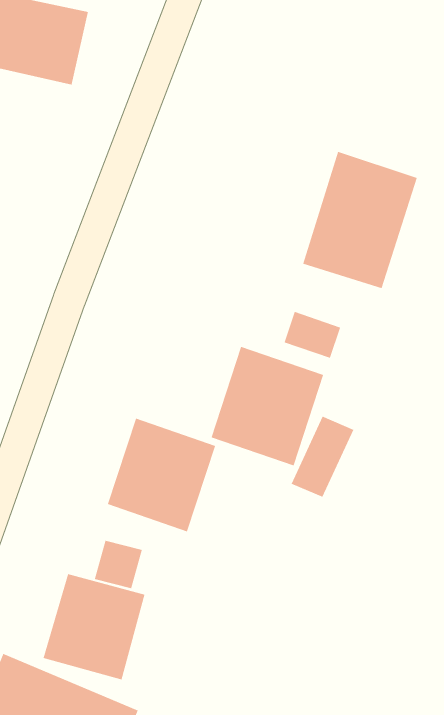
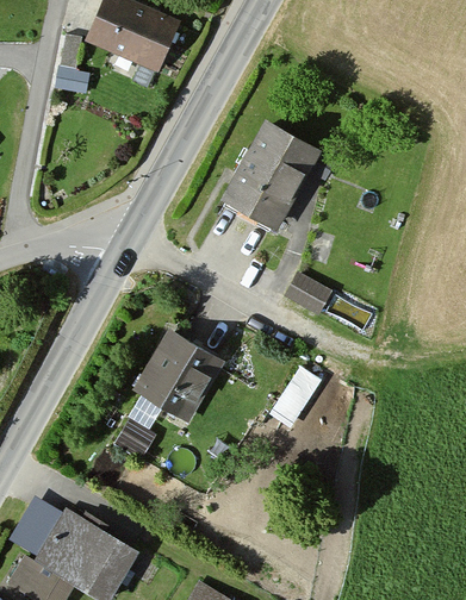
building: [302,151,418,289] -> [220,121,318,231]
building: [211,346,324,466] -> none
building: [43,573,146,681] -> none

